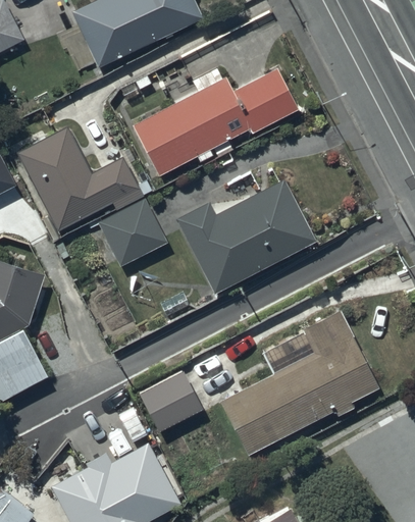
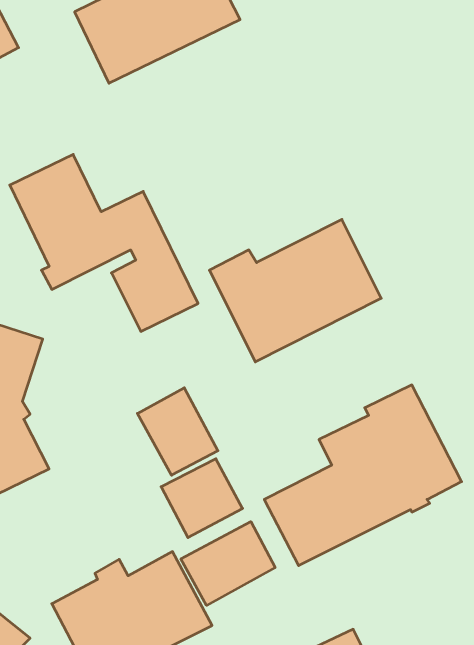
building: [134,67,300,175] -> none
building: none -> [137,388,218,475]
building: none -> [181,522,275,605]

